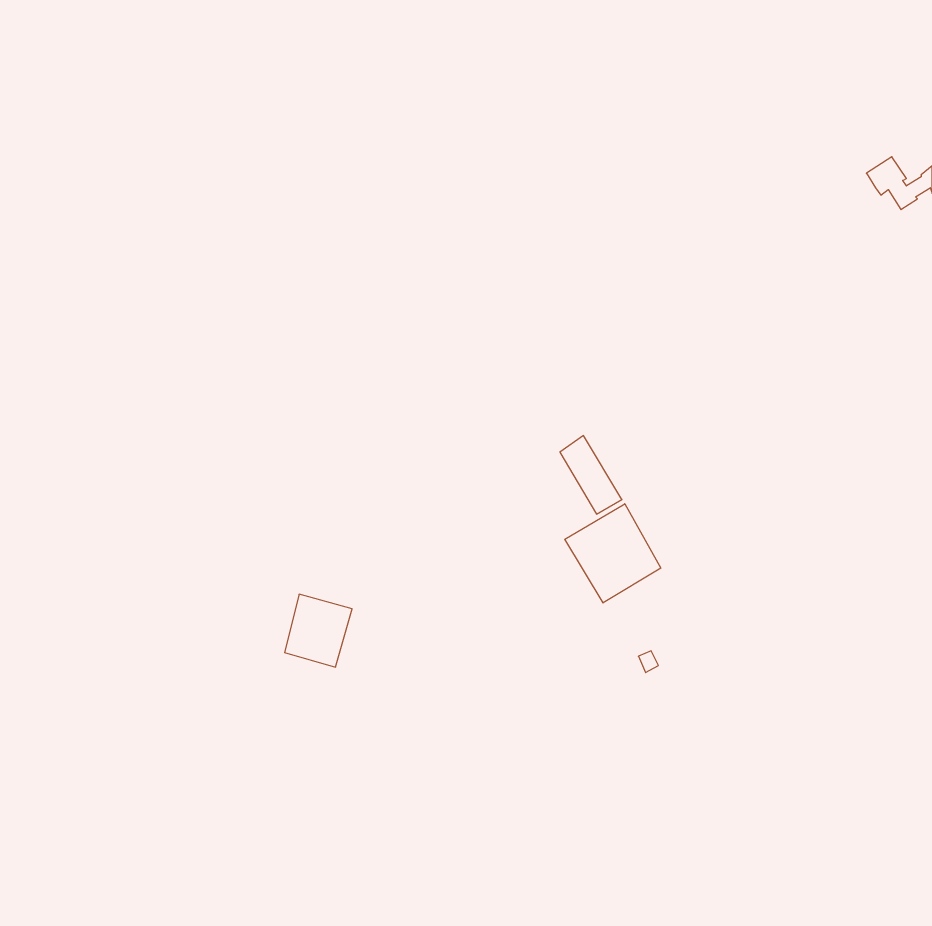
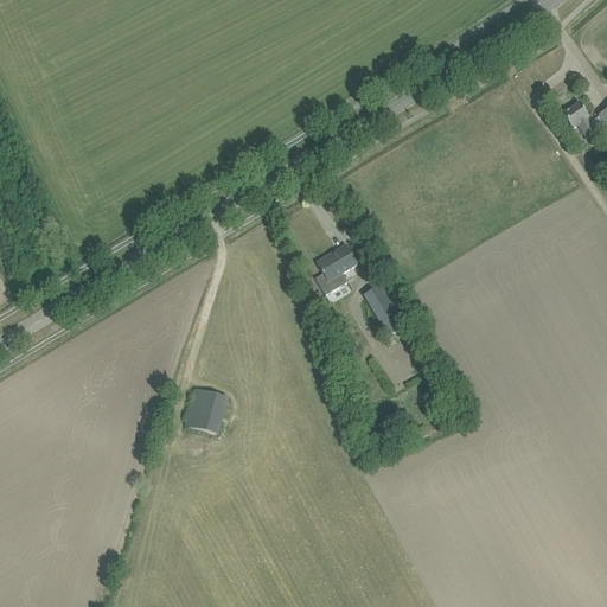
building: none -> [315,244,357,293]
building: [565,504,661,603] -> none

